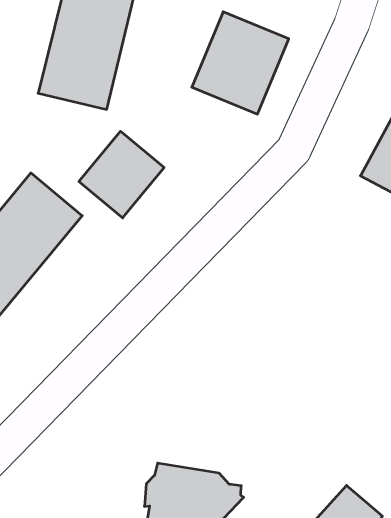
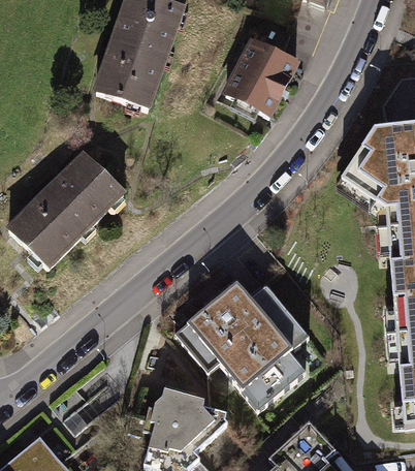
building: [79,131,164,218] -> none
building: none -> [172,280,308,410]

